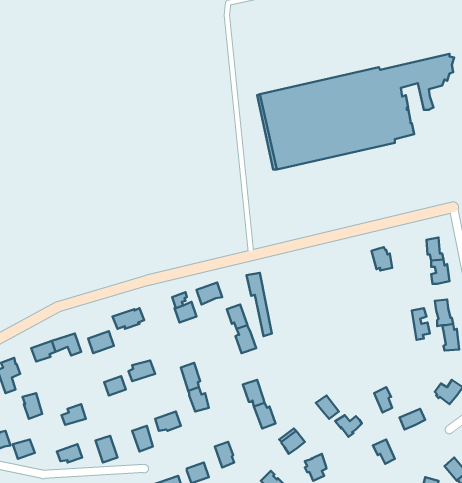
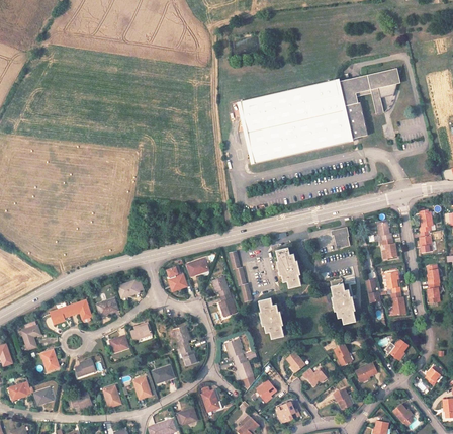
building: none -> [276,247,301,288]
building: none -> [330,278,356,324]
building: none -> [259,298,284,339]

